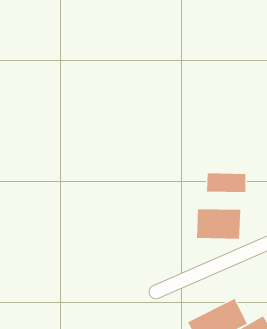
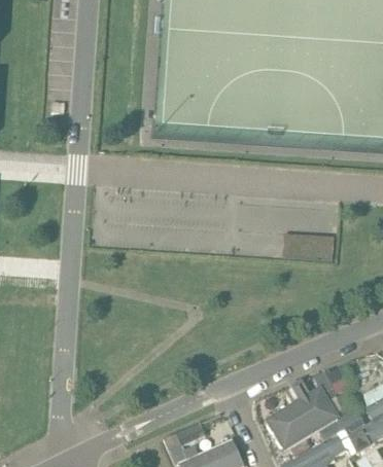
building: [197,209,241,239] -> none

